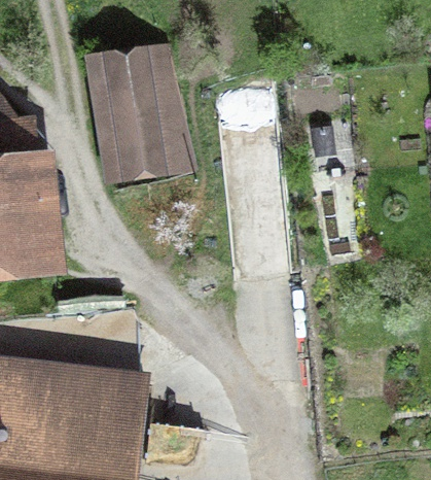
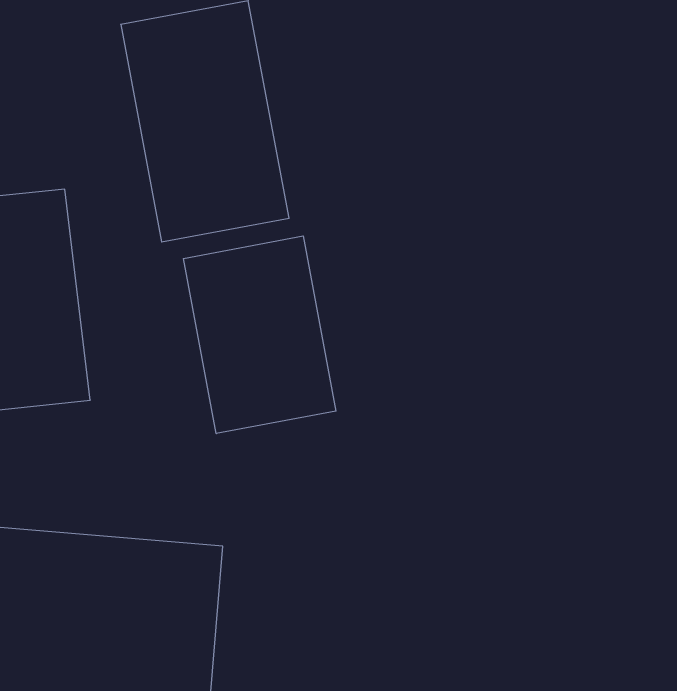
building: none -> [183,236,336,434]

